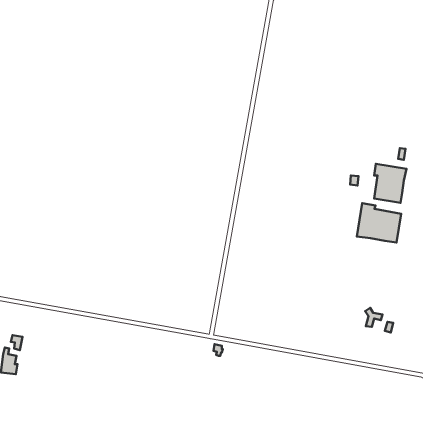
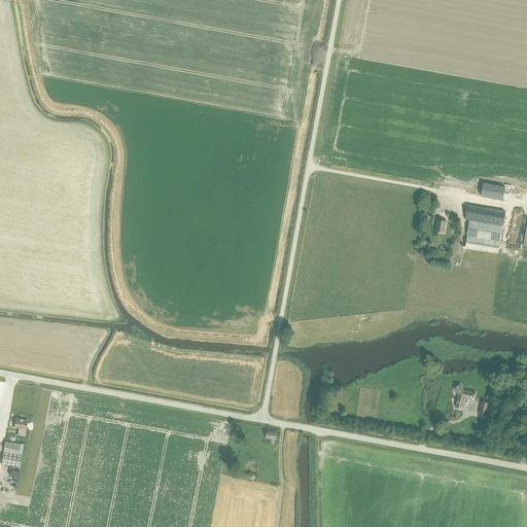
building: [357,203,401,243] -> none

